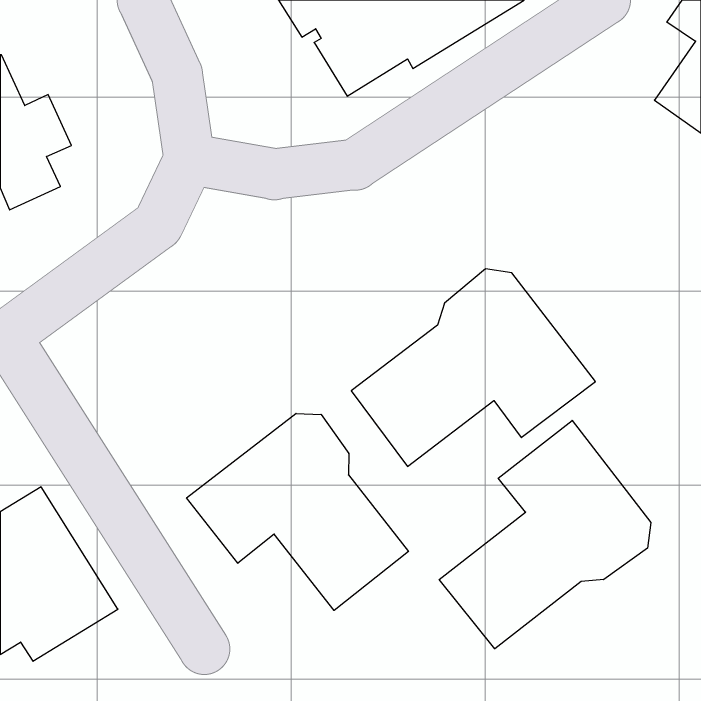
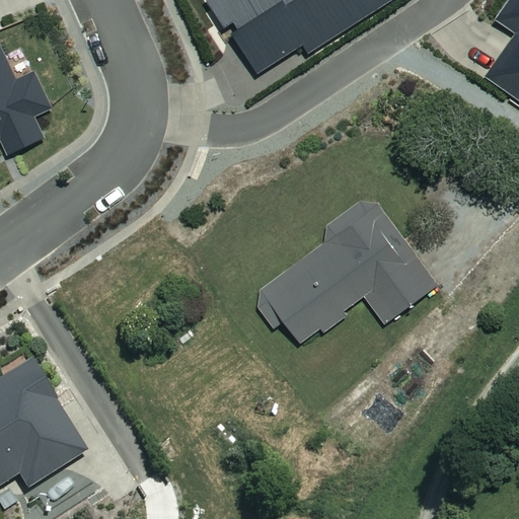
building: [187,413,408,610] -> none
building: [439,420,651,649] -> none

